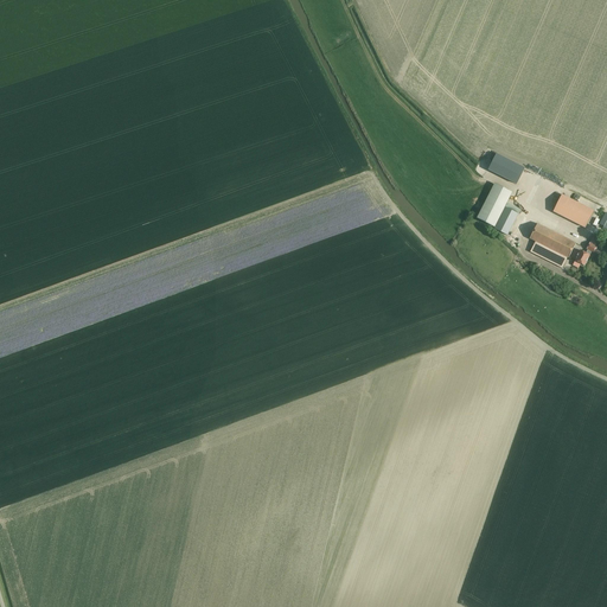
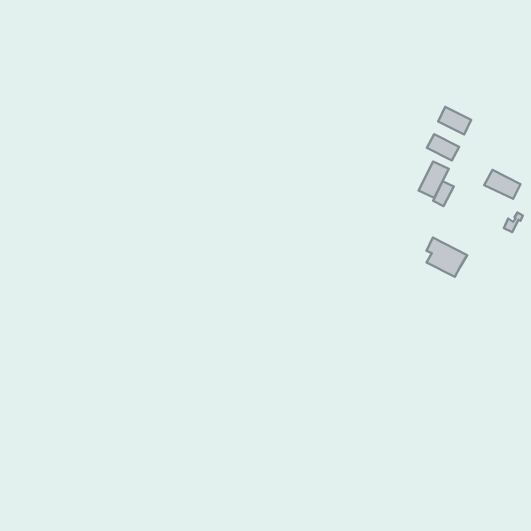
building: none -> [438,107,471,135]
building: [529,223,575,268] -> [427,237,467,277]

